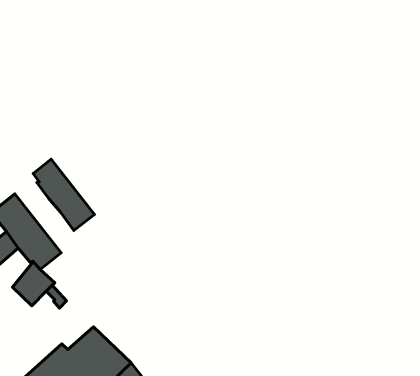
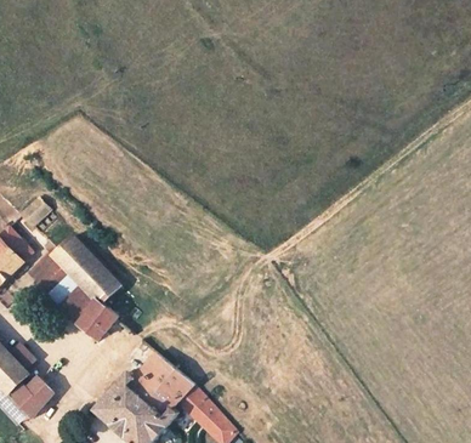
building: [33,159,95,230] -> none

